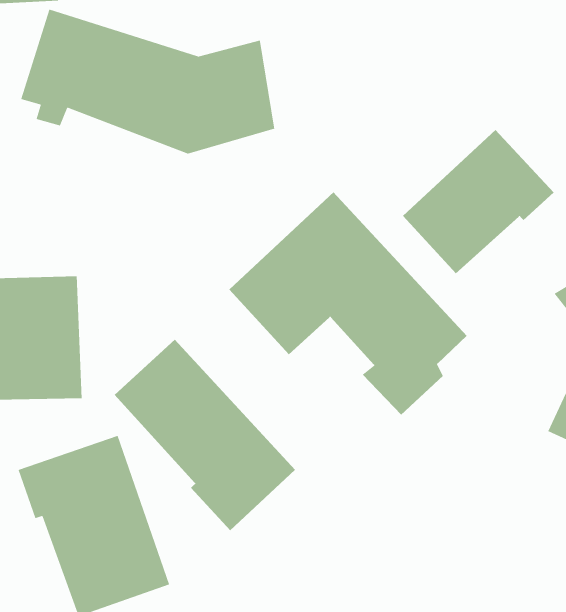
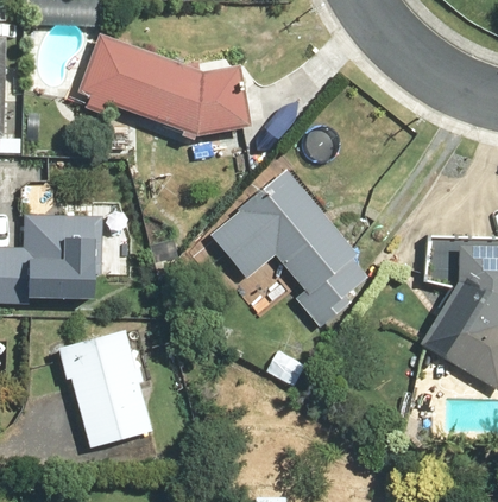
building: [402,129,554,274] -> none
building: [114,339,296,531] -> none

